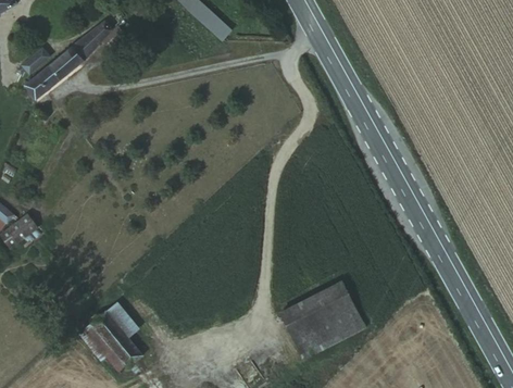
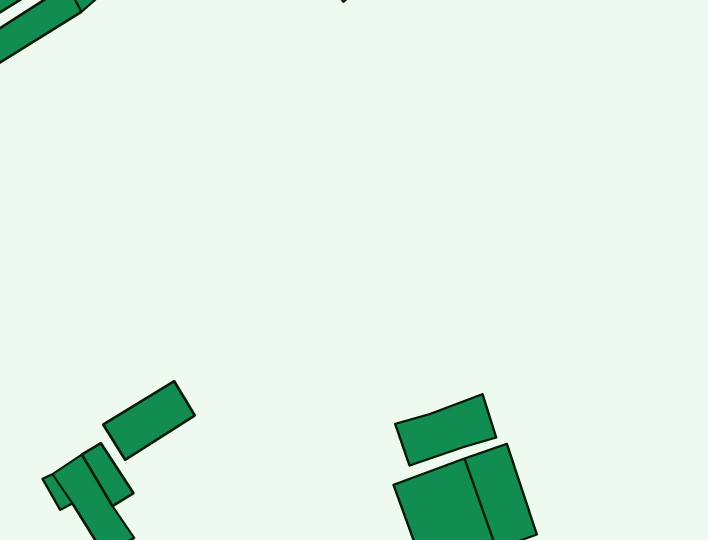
building: none -> [395,394,496,465]
building: none -> [103,381,195,460]

